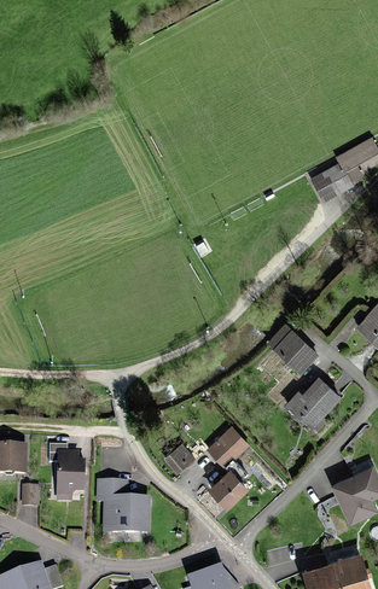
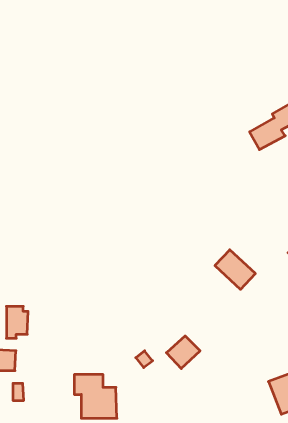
building: [287,379,338,428] -> none
building: [57,455,83,494] -> [6,306,28,338]
building: [207,468,248,508] -> none

